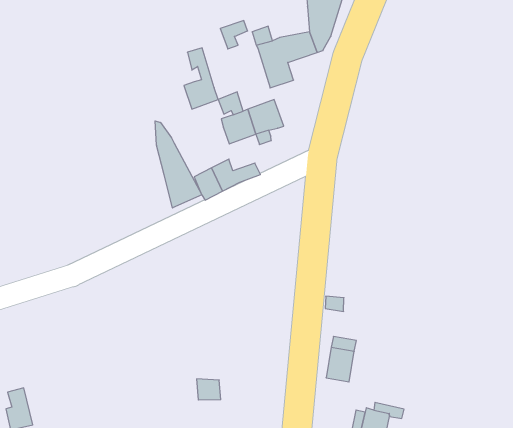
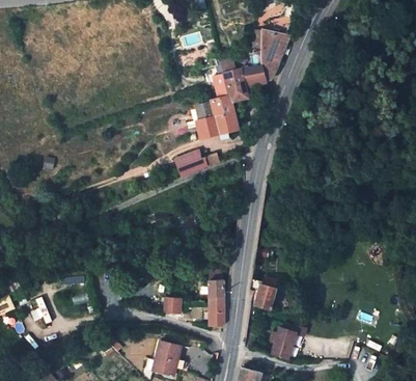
building: [184,48,218,109] -> [211,75,233,116]
building: [155,121,202,208] -> none
building: none -> [207,270,224,327]

